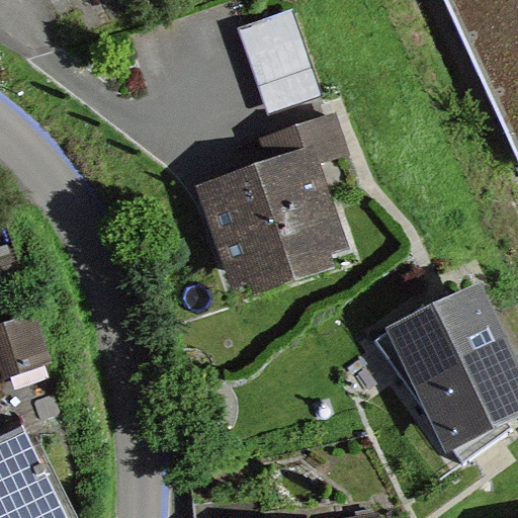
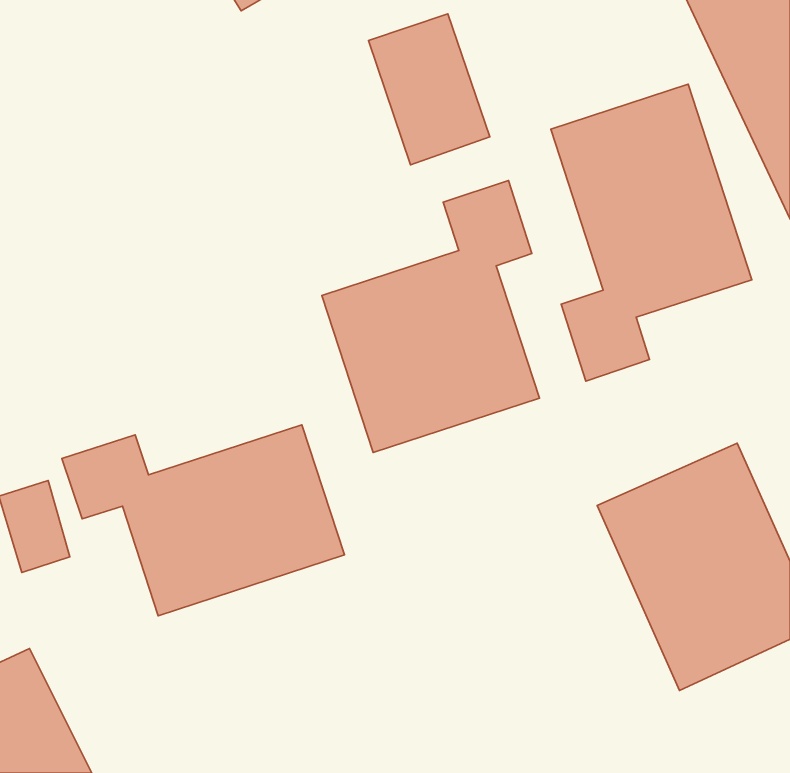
building: none -> [551,84,752,381]
building: none -> [62,425,344,616]

